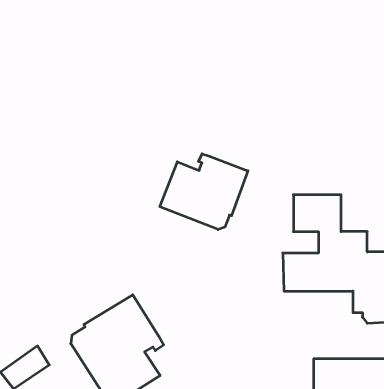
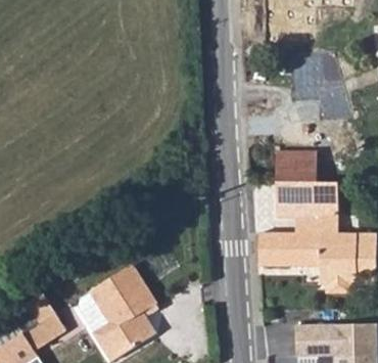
building: [160,154,248,230] -> none
building: none -> [272,149,314,181]

